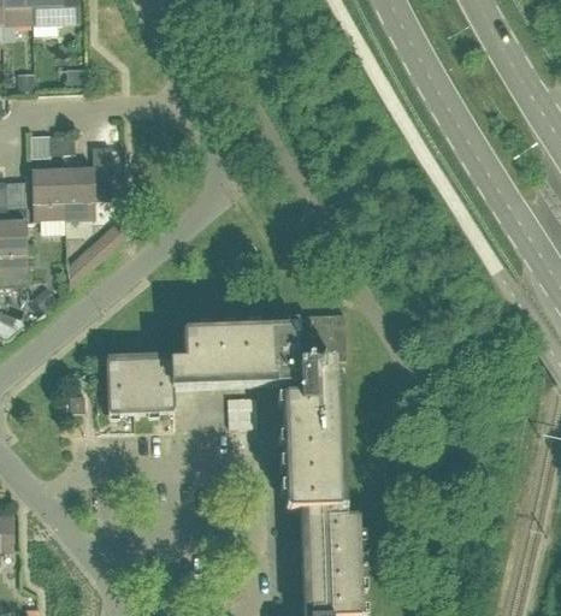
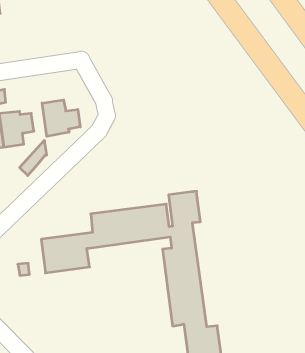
building: none -> [42,100,80,136]

